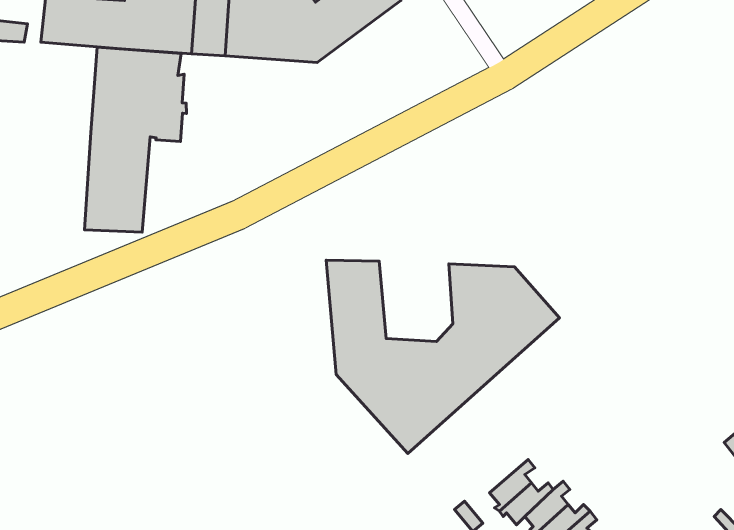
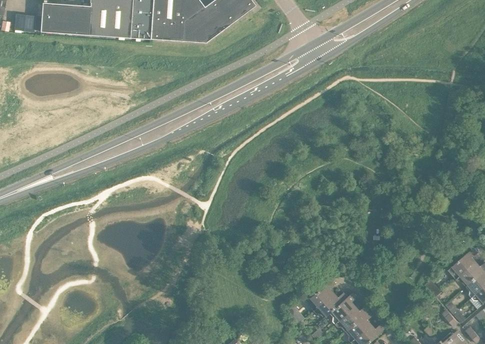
building: [85,47,187,232] -> none
building: [326,260,559,454] -> none

